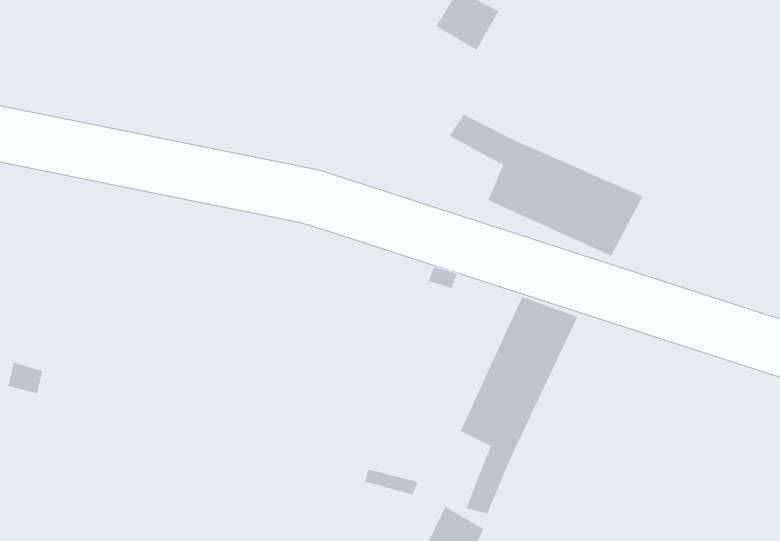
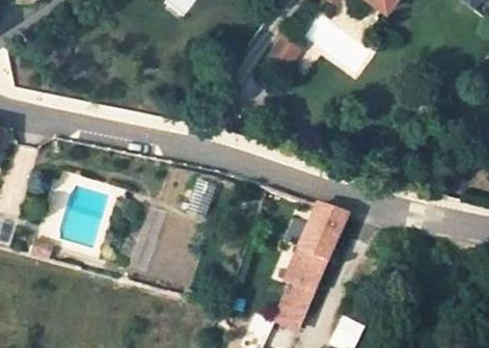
building: [449,114,643,257] -> none

